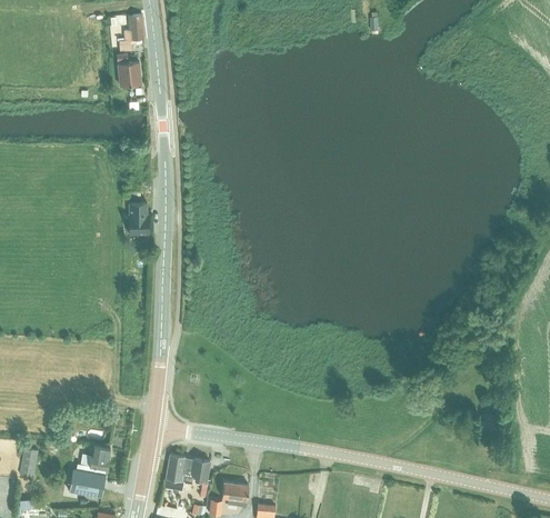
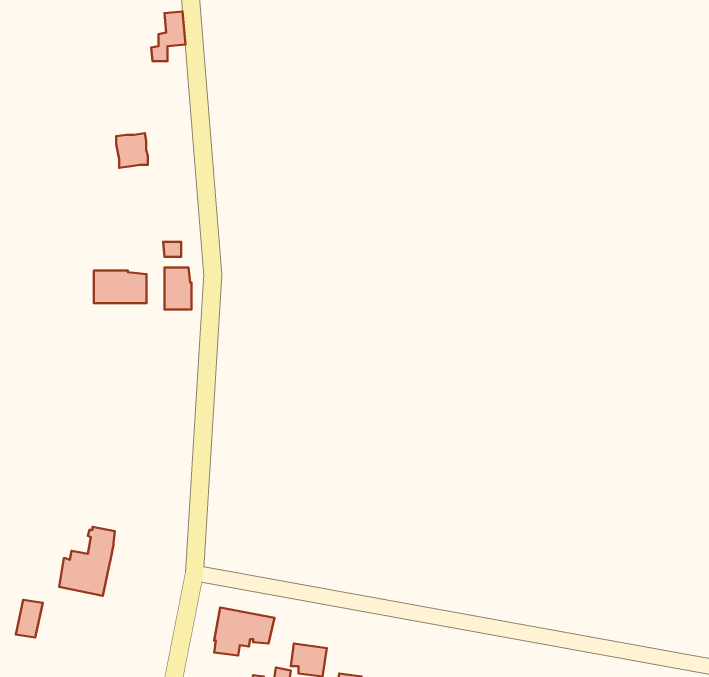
building: [118,61,141,87] -> [116,133,148,168]
building: none -> [94,270,147,303]
building: [69,446,110,497] -> [59,527,115,596]

